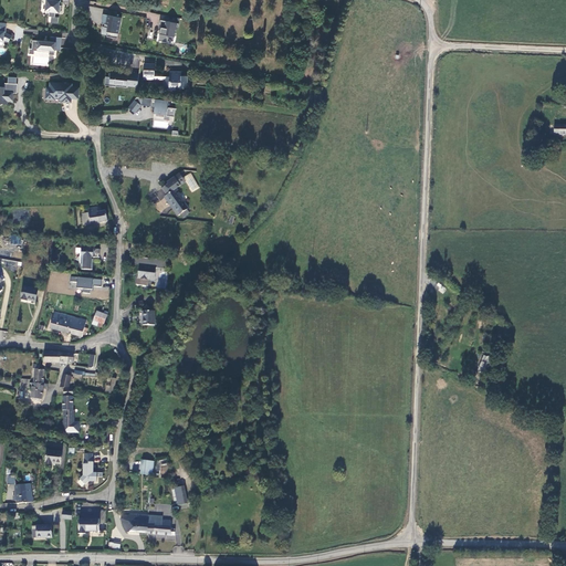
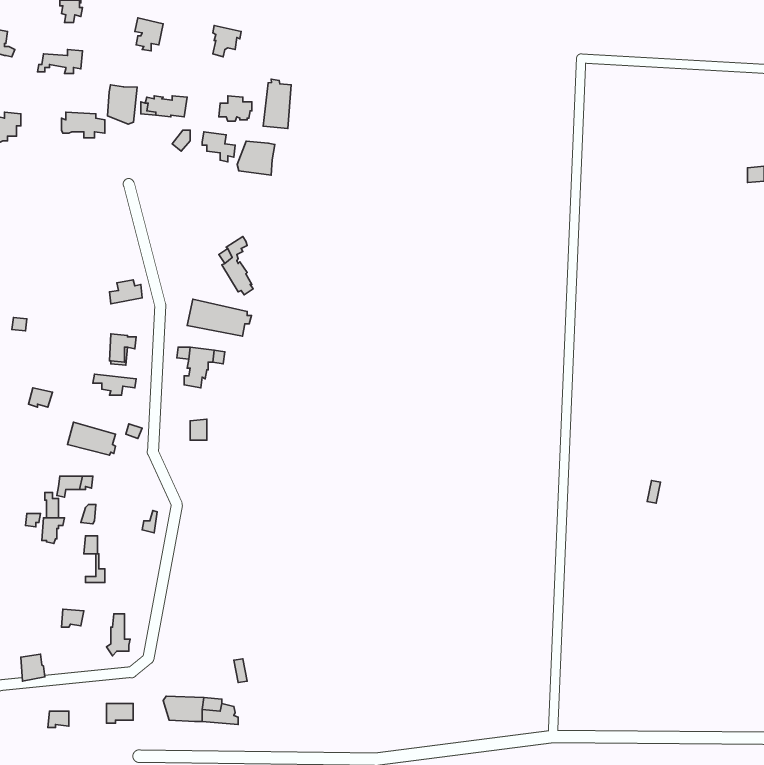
building: none -> [263,79,291,129]
building: none -> [107,85,137,124]
building: none -> [237,141,275,175]
building: none -> [187,299,251,336]

